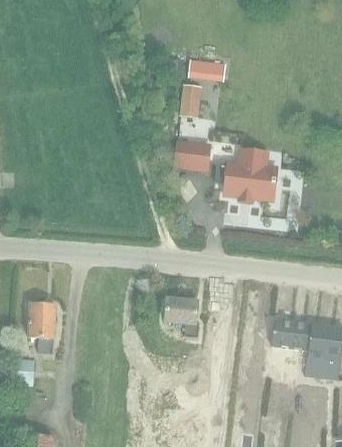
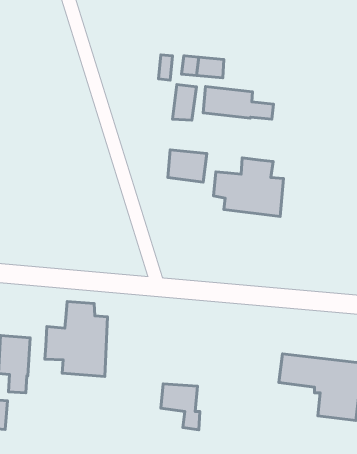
building: none -> [203,87,273,119]
building: none -> [45,302,108,376]
building: [165,298,199,338] -> [161,384,200,430]

